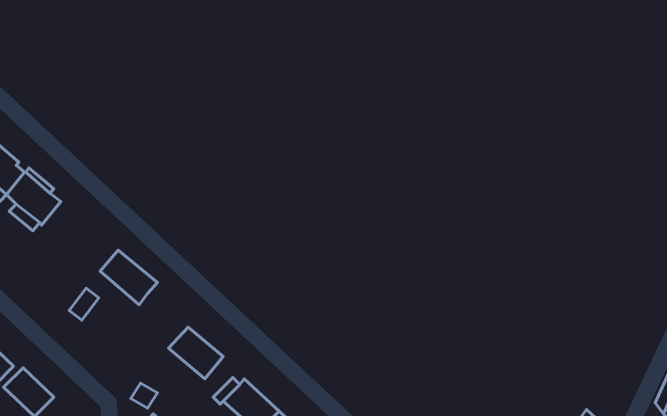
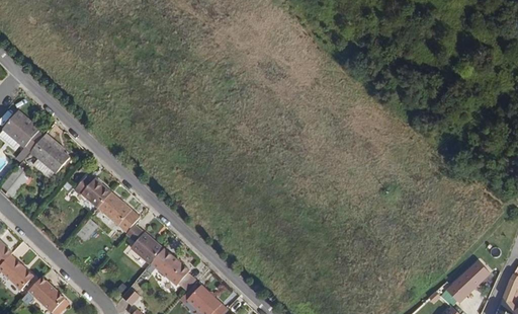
building: none -> [74,175,111,207]
building: none -> [124,223,162,262]
building: none -> [445,261,490,306]

